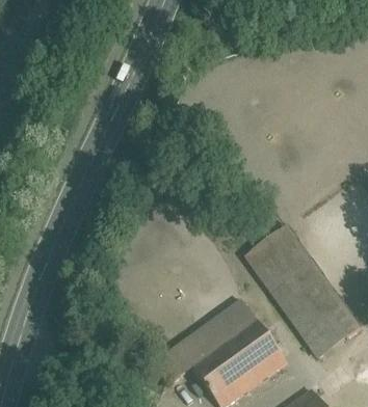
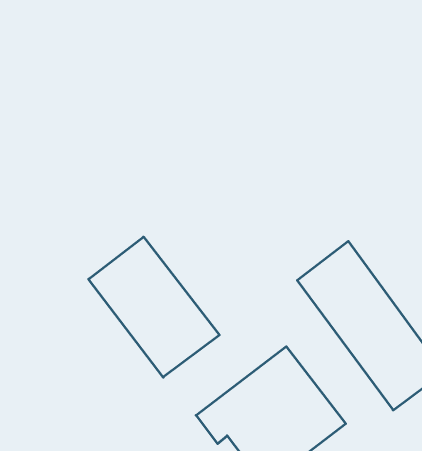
building: none -> [89,237,219,377]

